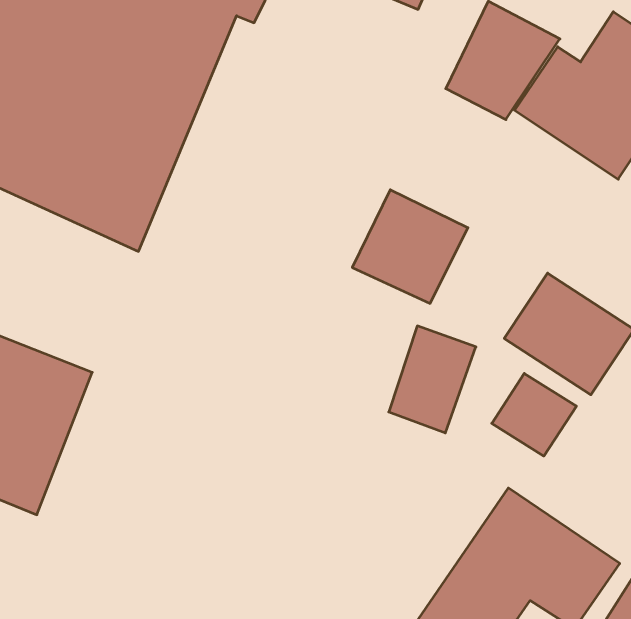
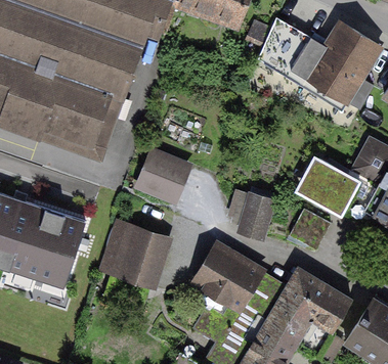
building: [352,190,468,303] -> [130,144,188,201]
building: none -> [99,222,172,292]
building: none -> [187,236,267,316]

